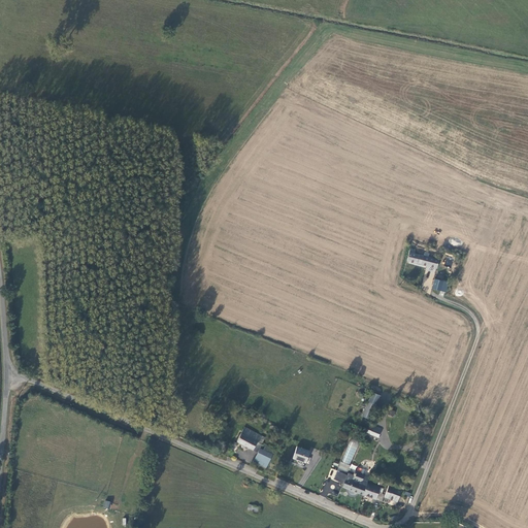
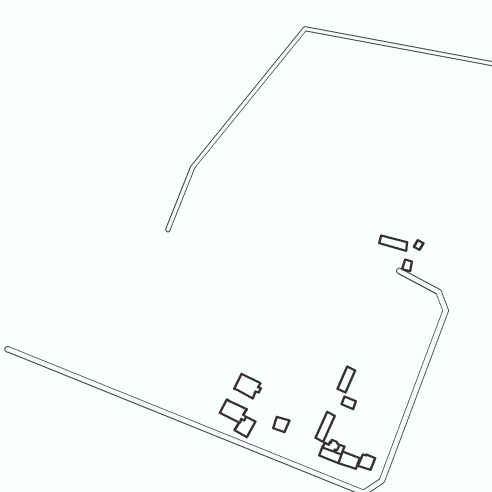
building: none -> [234,374,261,399]

